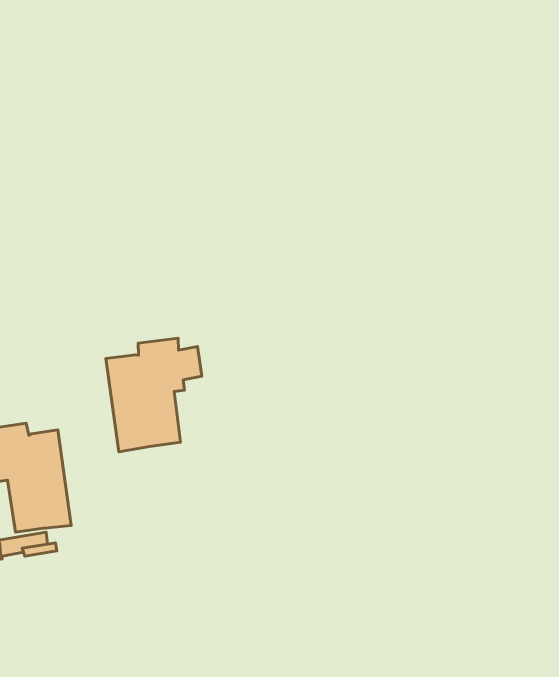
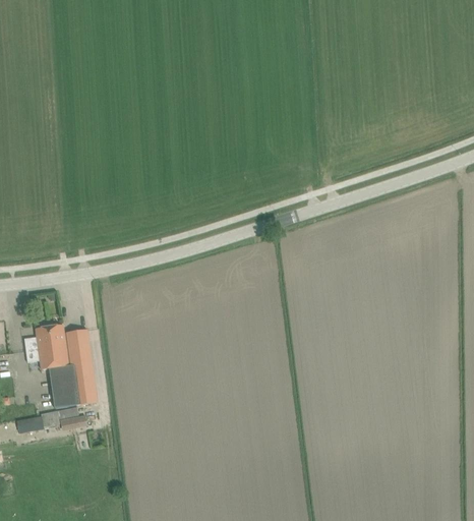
building: [106,338,202,452] -> none

